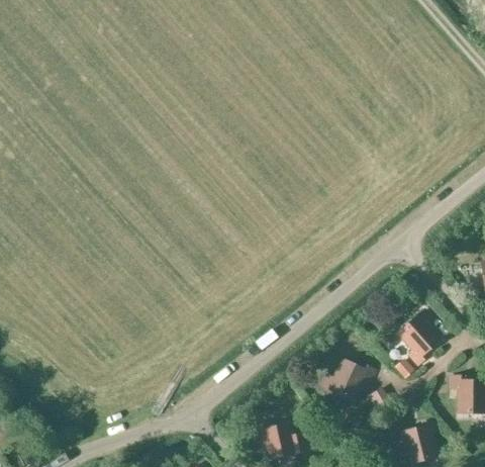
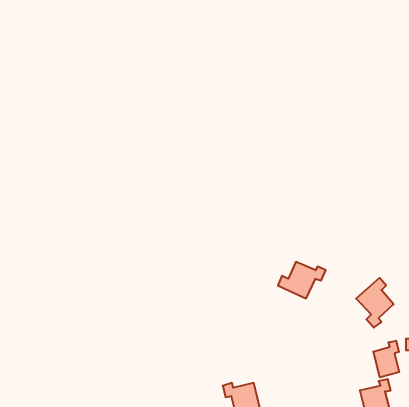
building: [321,361,373,400] -> [278,262,326,298]
building: none -> [373,341,399,377]

